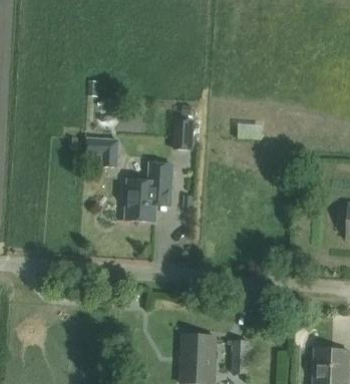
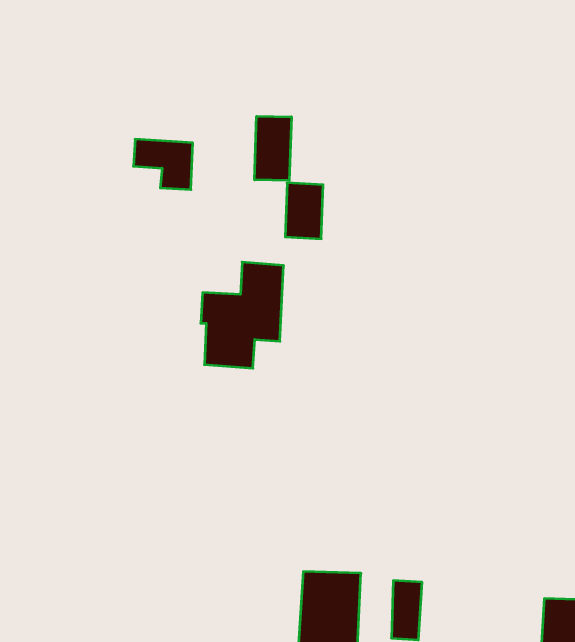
building: none -> [255,116,291,180]
building: [85,137,118,165] -> [133,139,193,190]

